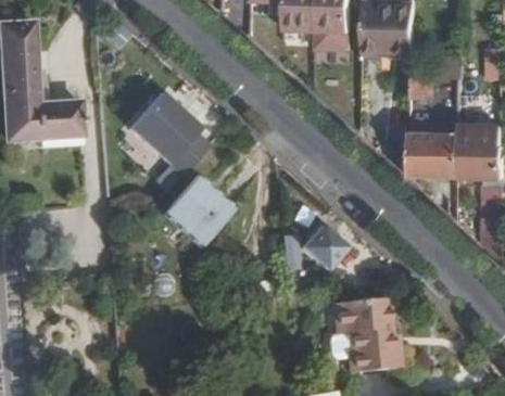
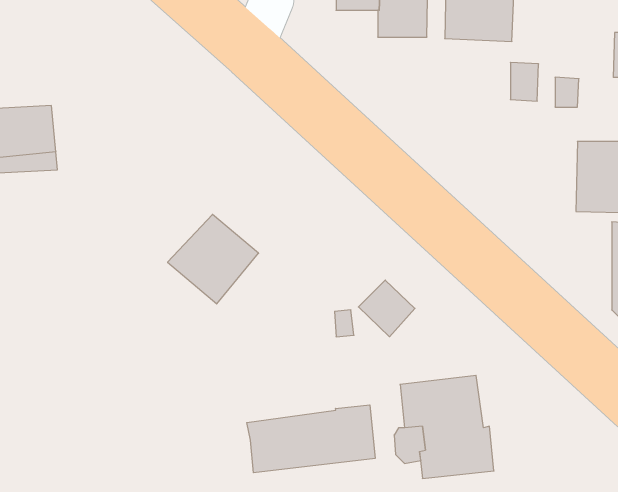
building: [125,94,212,178] -> none
building: [407,123,459,178] -> none
building: none -> [247,405,375,473]

